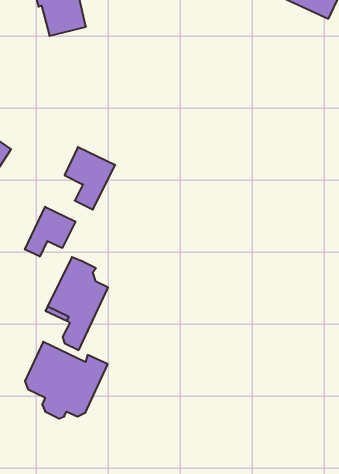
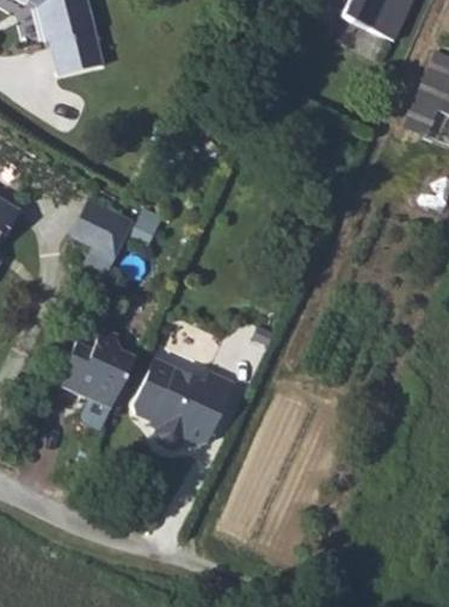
building: [25,207,75,257] -> none
building: [25,342,108,419] -> [133,358,230,448]

